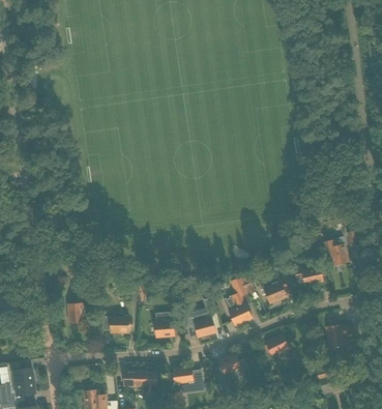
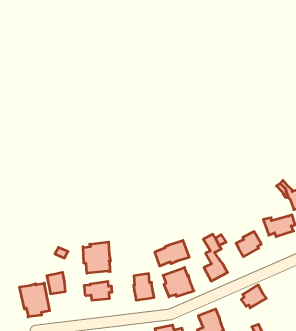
building: none -> [83,242,110,273]
building: none -> [155,240,189,266]
building: none -> [20,283,50,317]

